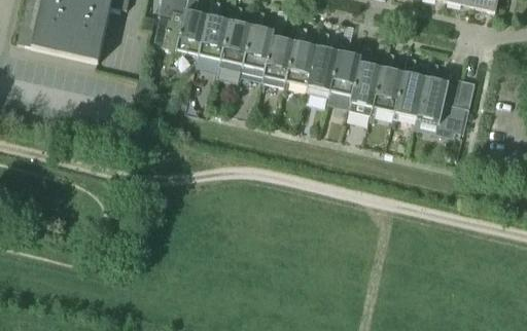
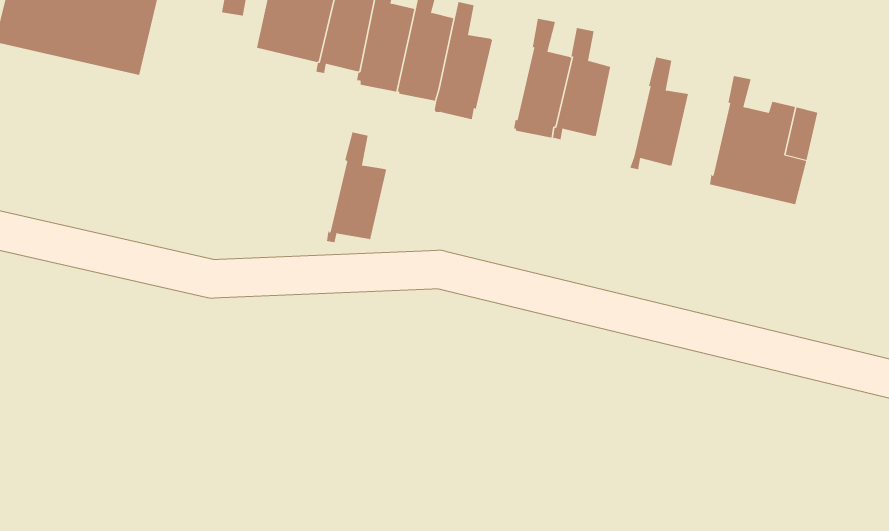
building: [282,26,316,87] -> [326,132,387,243]
building: [347,46,381,109] -> none
building: [391,57,425,118] -> none

